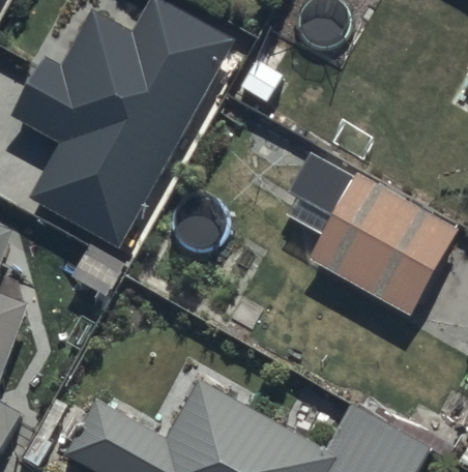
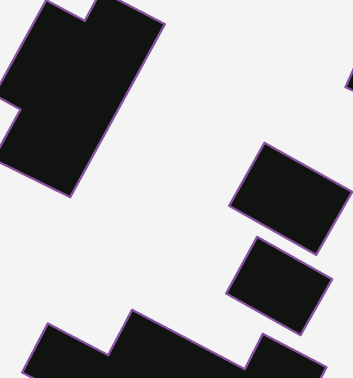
building: none -> [226,237,332,335]

